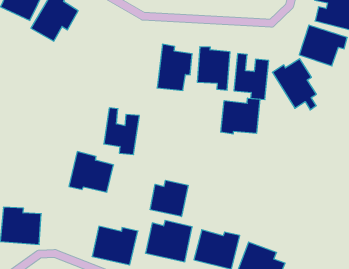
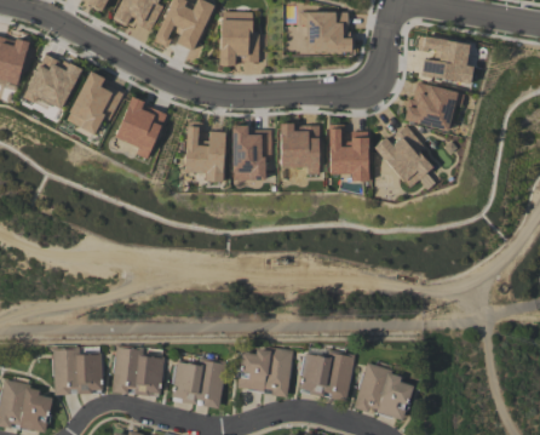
building: none -> [115,97,167,158]
building: [221,98,260,134] -> none
building: [104,108,139,155] -> [184,125,225,181]
building: [69,152,114,192] -> [111,345,165,393]
building: [150,180,188,217] -> none

